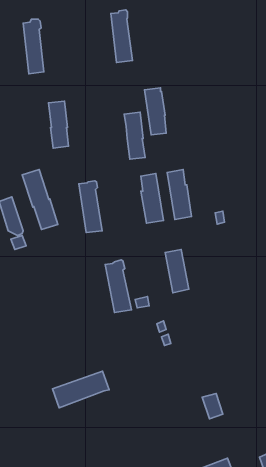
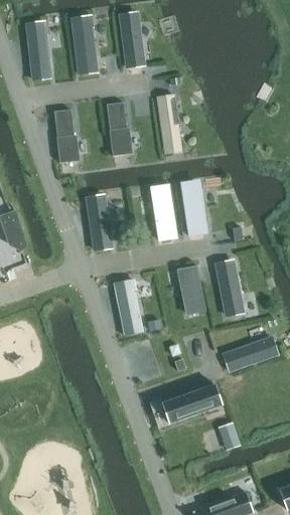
building: none -> [71,15,98,73]
building: [124,112,145,159] -> [107,102,129,152]
building: [22,169,58,230] -> none
building: none -> [213,246,245,315]
building: none -> [224,336,277,370]
building: [53,371,109,408] -> [162,384,223,423]

